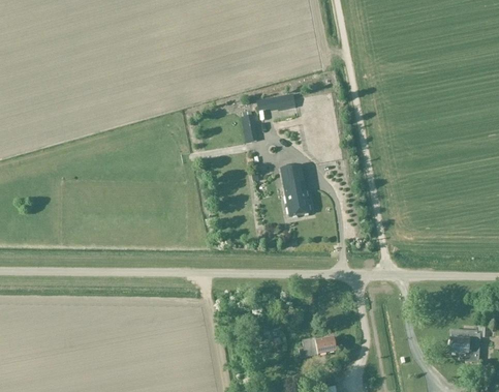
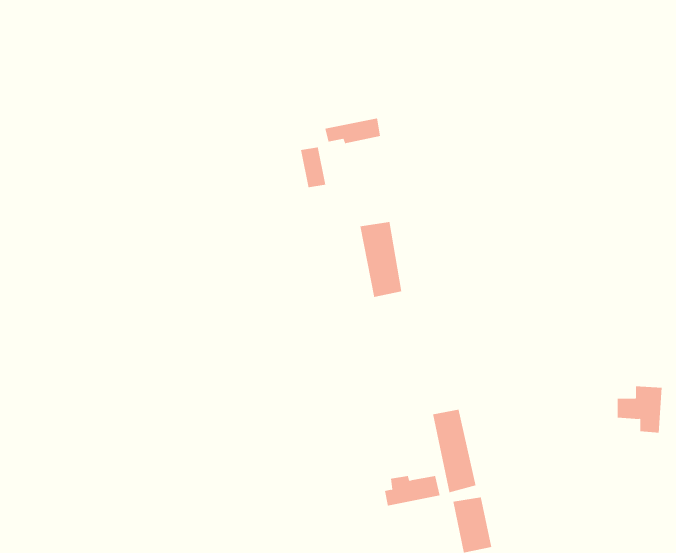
building: none -> [432,409,476,493]
building: [449,329,480,361] -> [617,386,663,433]

